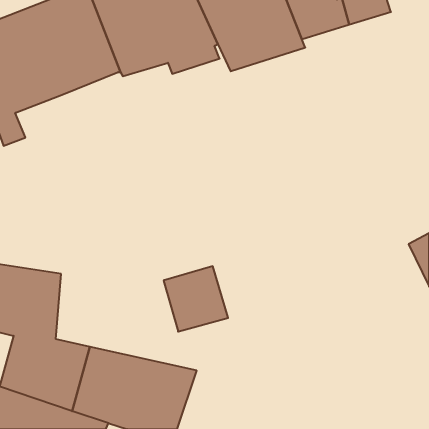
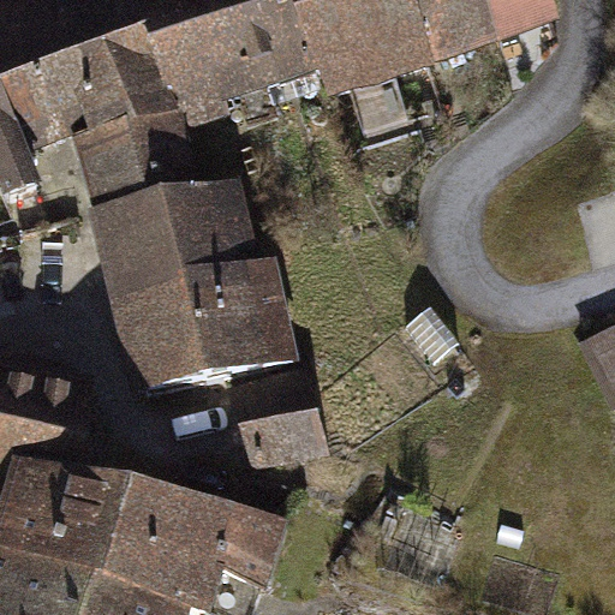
building: none -> [83,102,190,210]
building: none -> [101,193,285,398]

